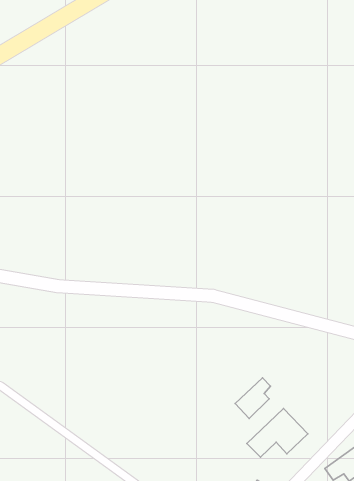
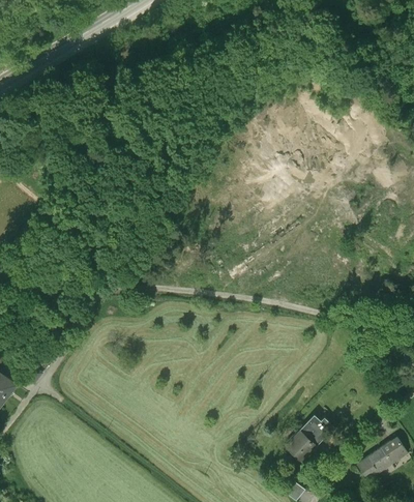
building: [235,378,271,418] -> none

